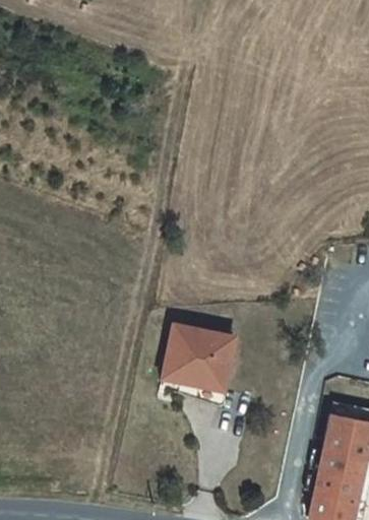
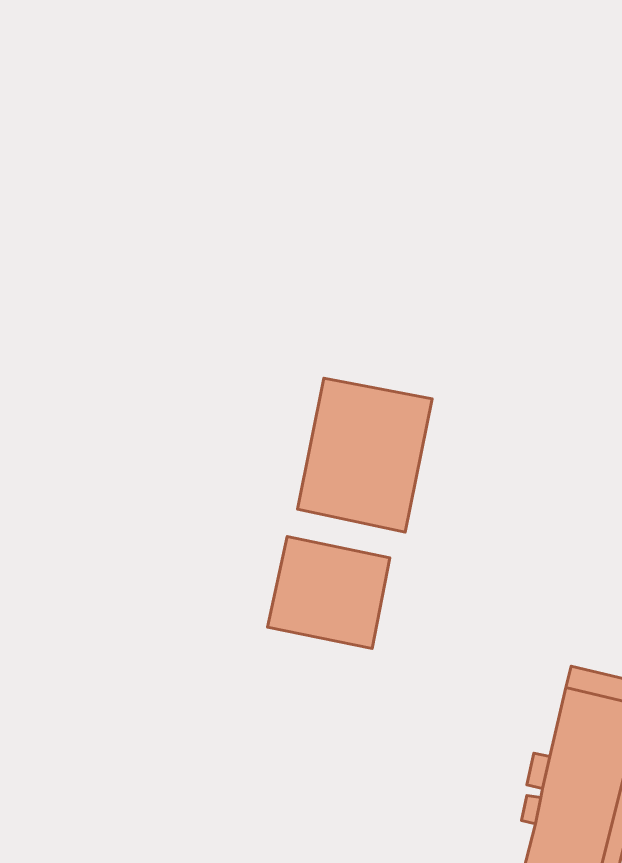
building: none -> [298,378,432,532]

